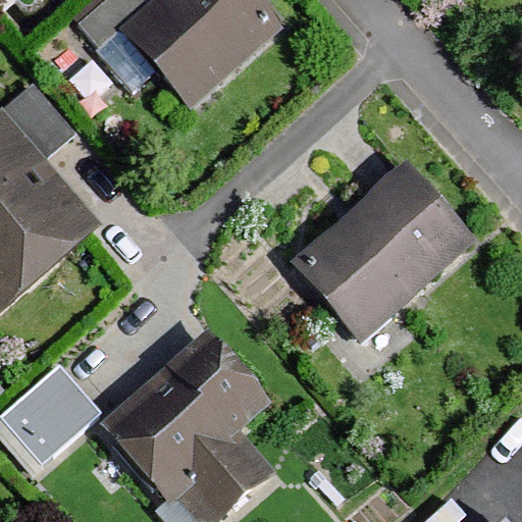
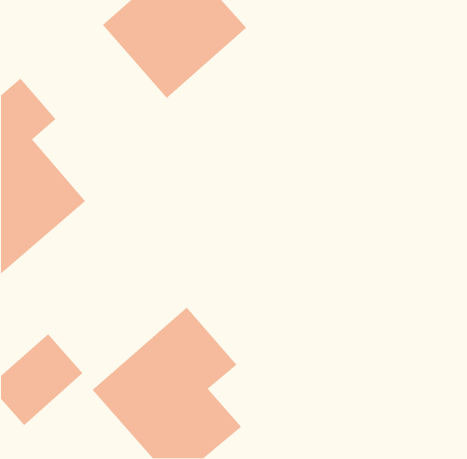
building: [290,156,475,337] -> none

